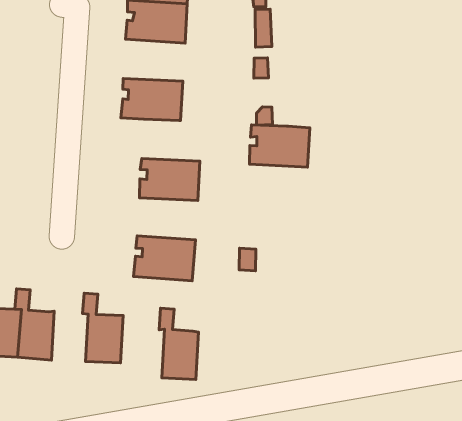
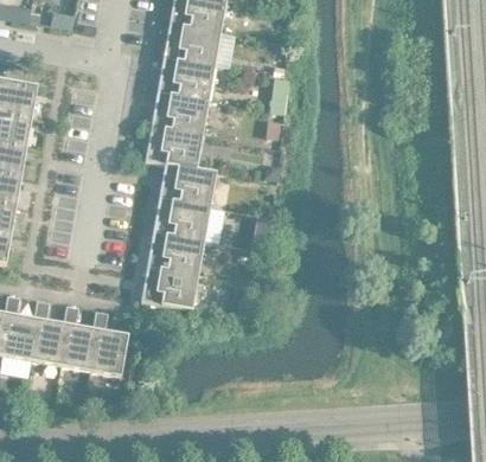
building: none -> [151,91,209,134]
building: [249,125,310,167] -> [159,163,216,206]
building: none -> [147,232,204,275]
building: [159,308,198,379] -> [59,304,96,371]

